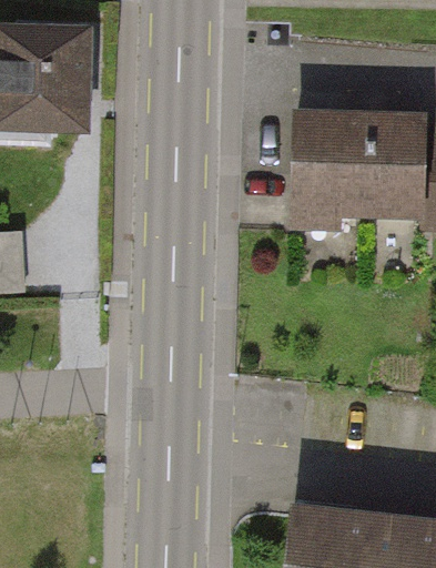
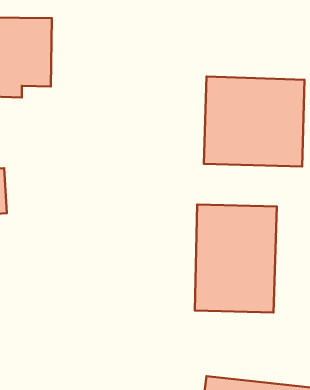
building: none -> [195,204,277,313]

